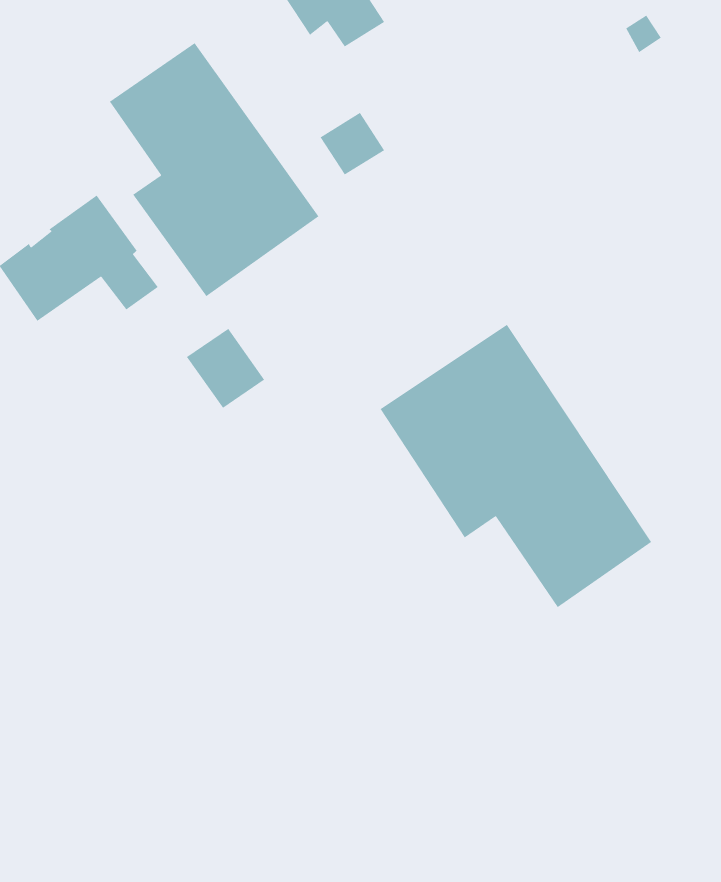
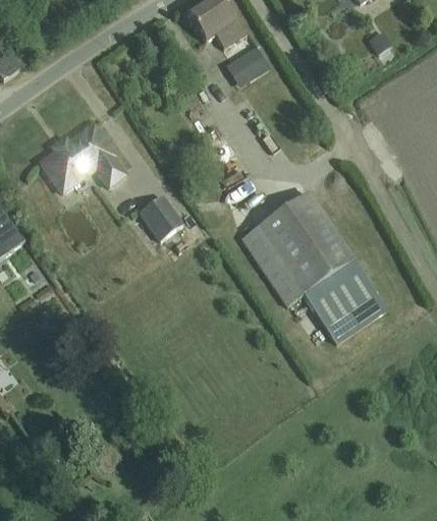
building: [109,42,320,297] -> none
building: [319,112,385,176] -> [232,47,267,80]

